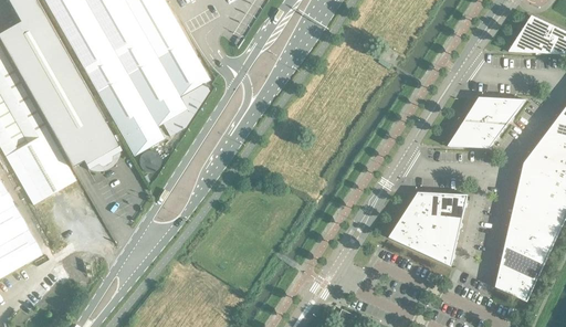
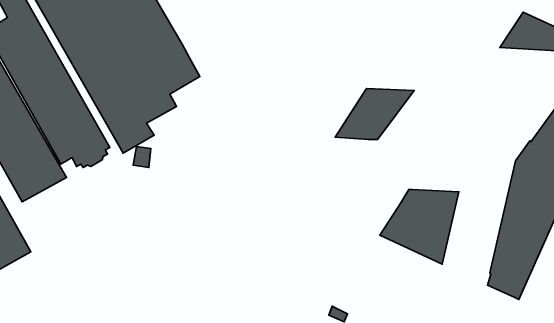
building: [447,96,525,147] -> [335,88,414,139]

